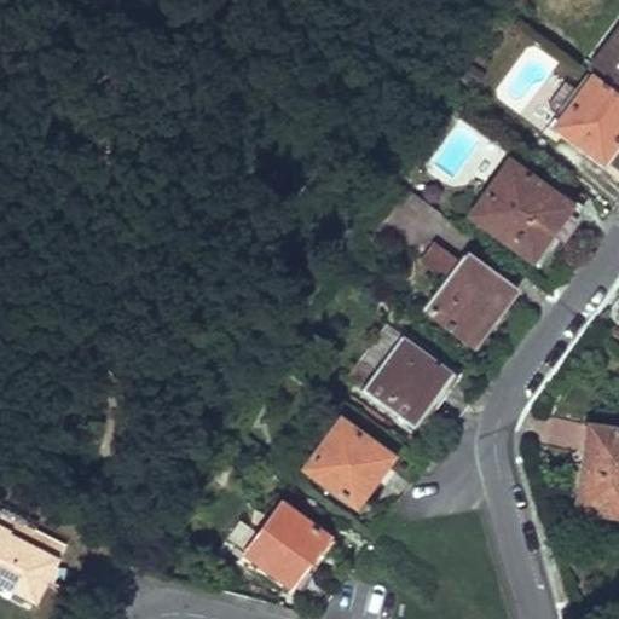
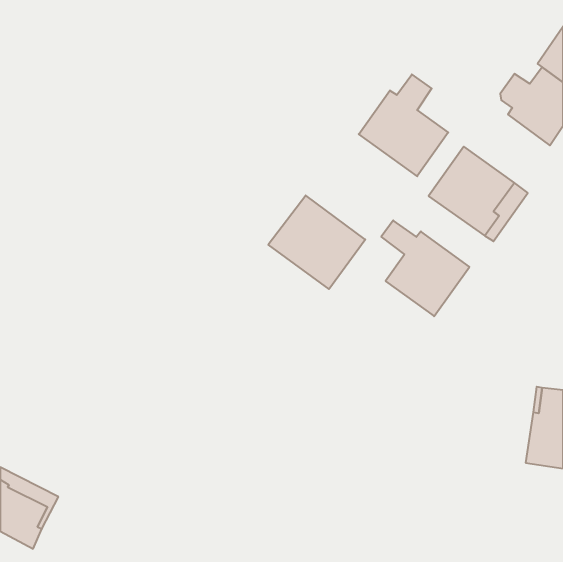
building: none -> [359,74,448,176]
building: [346,324,452,427] -> [268,195,365,289]
building: [305,420,388,505] -> none
building: [245,504,328,588] -> none

